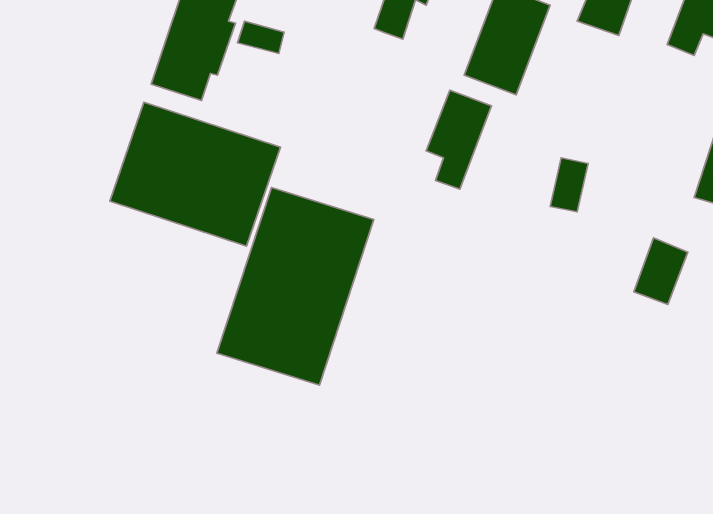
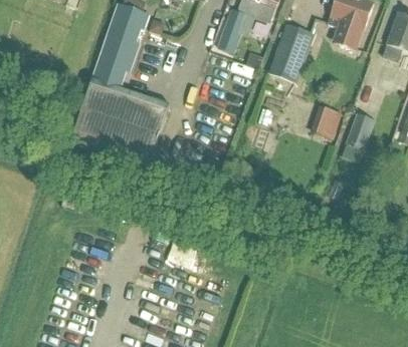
building: [426,90,492,189] -> none
building: [217,188,374,385] -> none
building: [634,238,688,304] -> [346,110,376,147]

